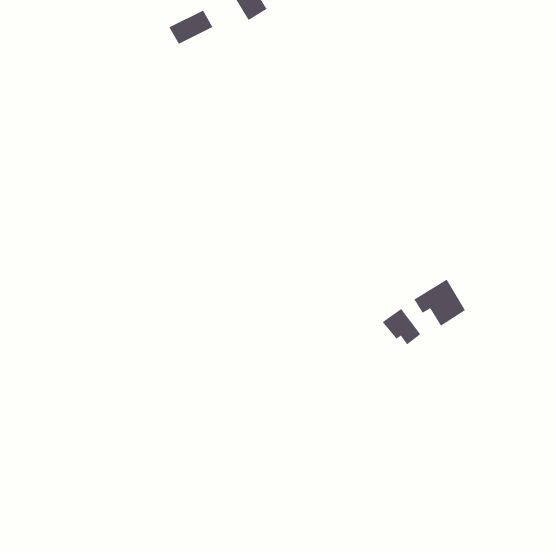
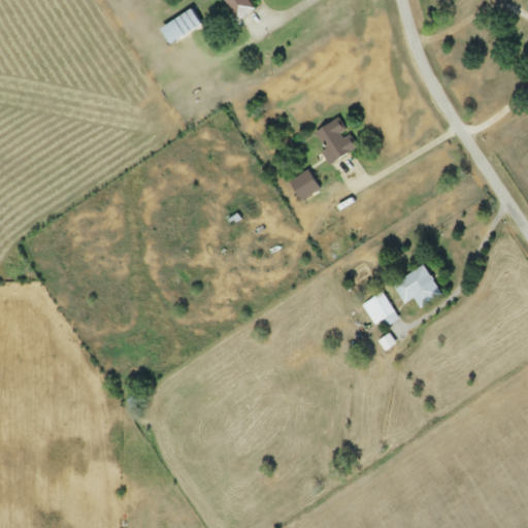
building: none -> [311,117,358,164]
building: none -> [289,168,320,200]

